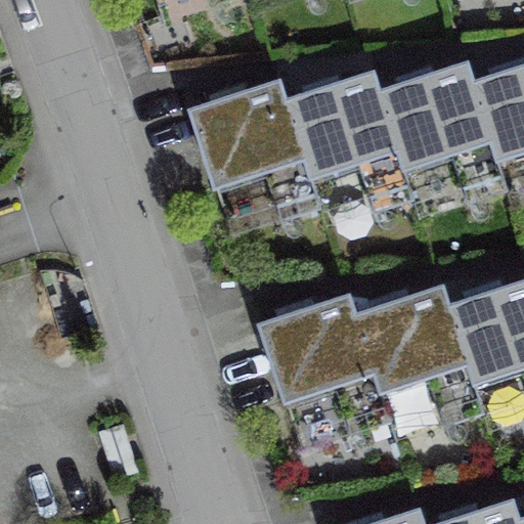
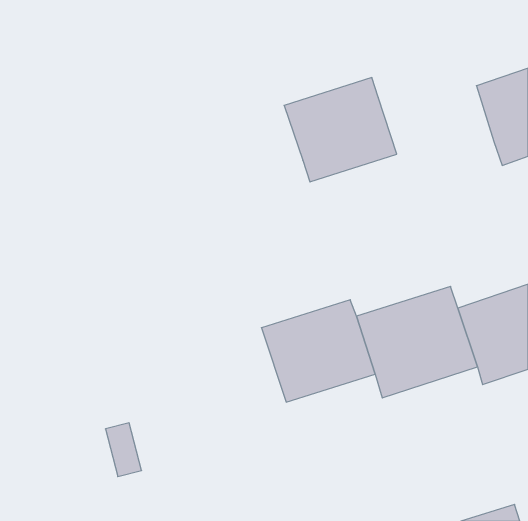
building: [375,67,489,169] -> none
building: [188,83,300,186] -> none

